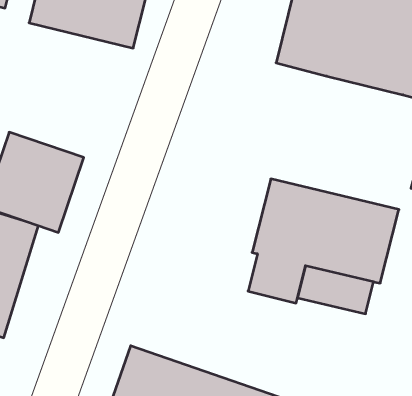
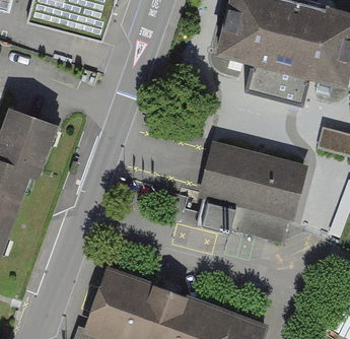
building: none -> [247,62,311,106]

